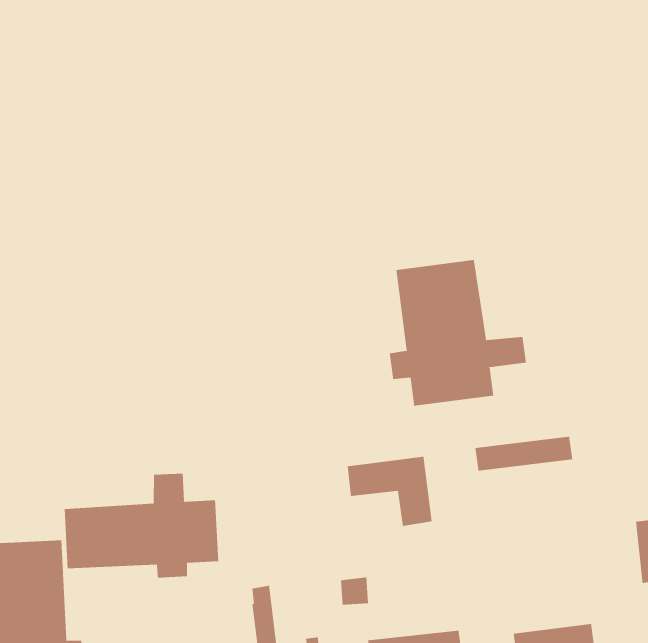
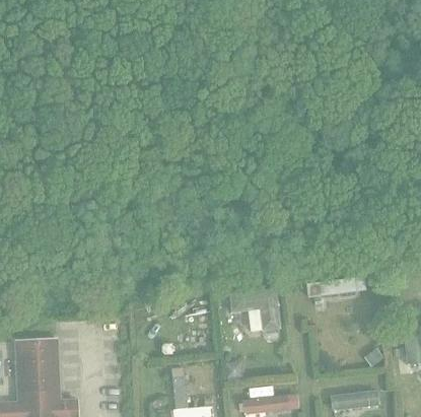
building: [389,259,526,407] -> none
building: [64,473,219,578] -> none

